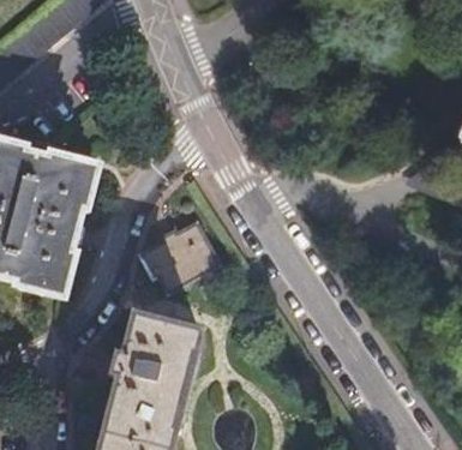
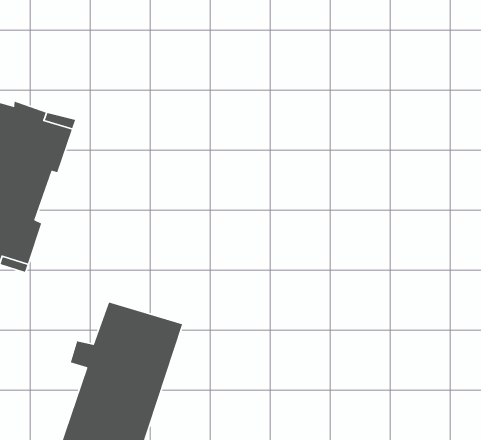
building: [137,221,218,288] -> none

